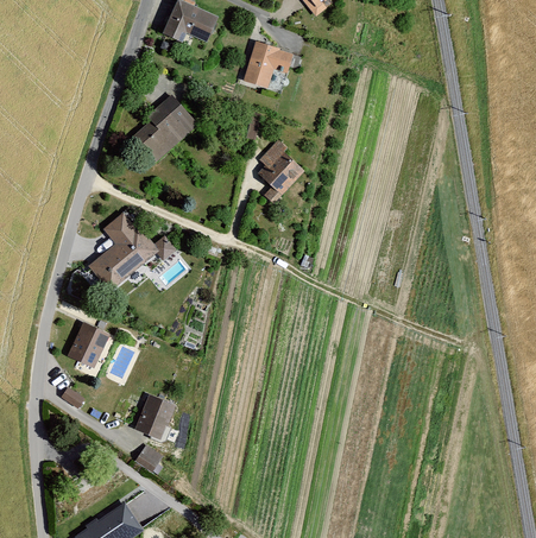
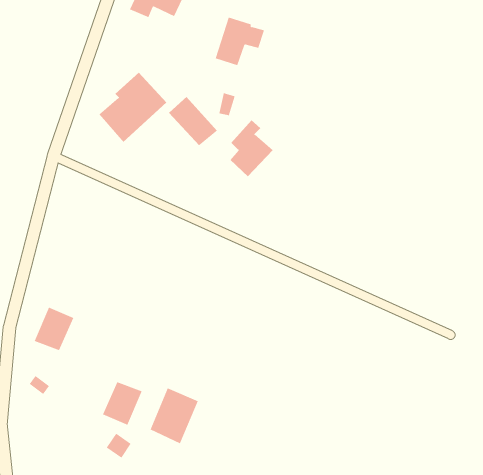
building: none -> [168,96,218,146]
building: [87,213,157,292] -> none
building: none -> [150,388,199,444]

